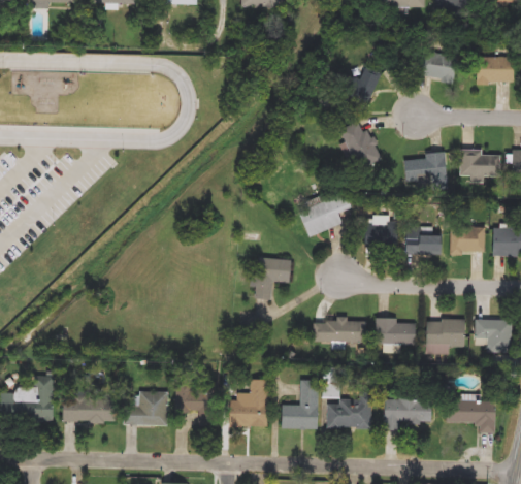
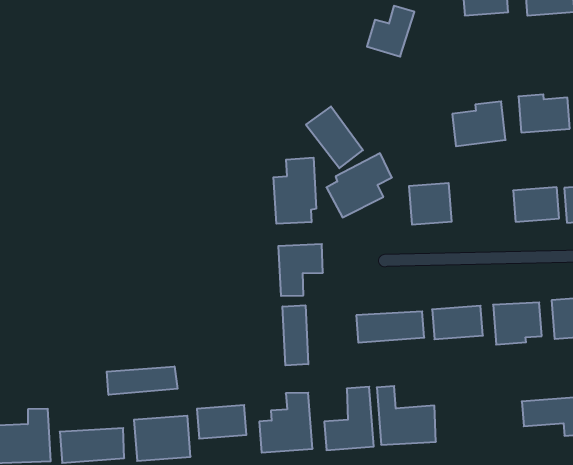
building: [338,120,384,171] -> [306,106,363,168]
building: none -> [273,158,316,224]
building: [404,231,441,254] -> none
building: none -> [283,305,308,365]
building: none -> [107,366,178,395]
building: [384,390,430,429] -> none

